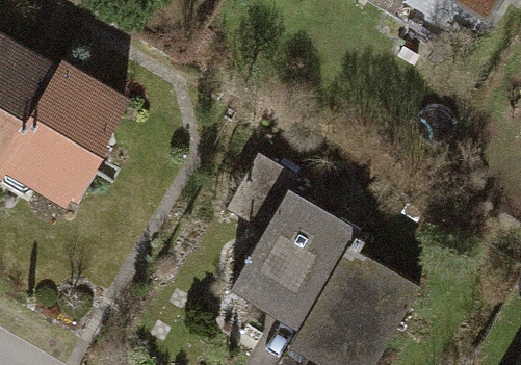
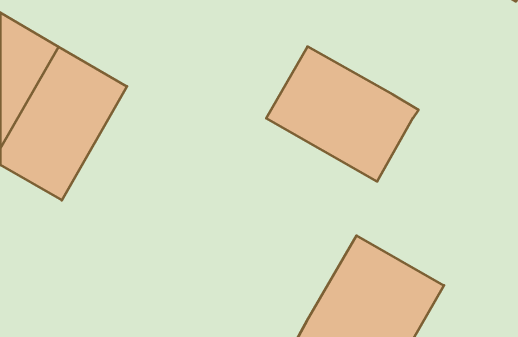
building: none -> [266,47,418,181]
building: [231,188,351,323] -> none

